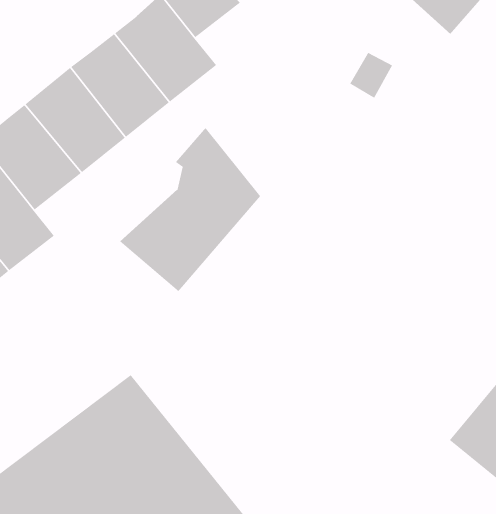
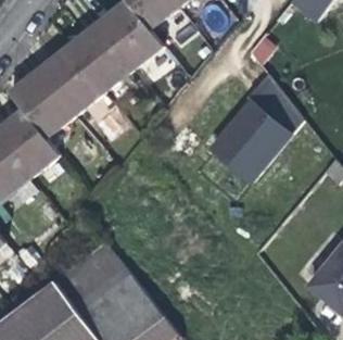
building: [119,127,261,292] -> [212,75,303,181]

